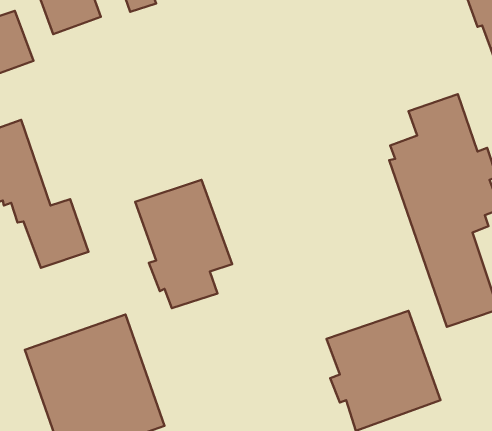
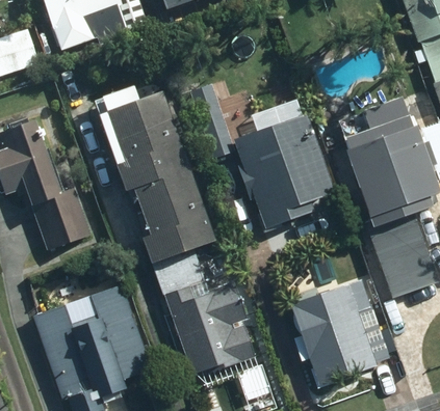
building: none -> [190,81,332,227]
building: none -> [97,88,185,191]
building: none -> [160,267,255,373]

